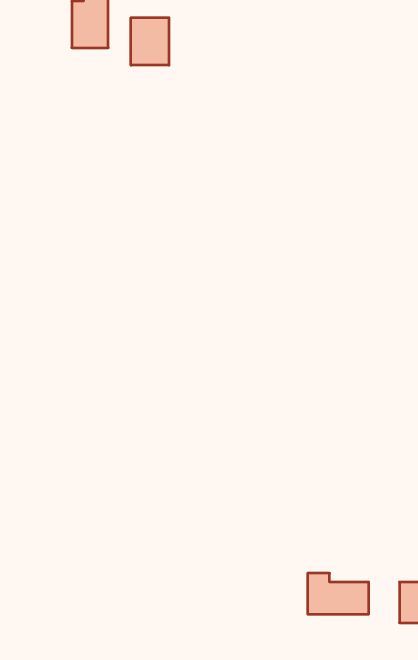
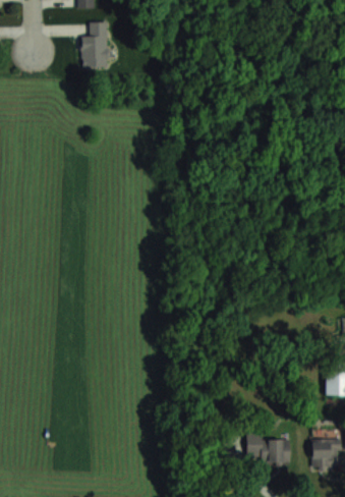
building: [131,18,169,65] -> none

